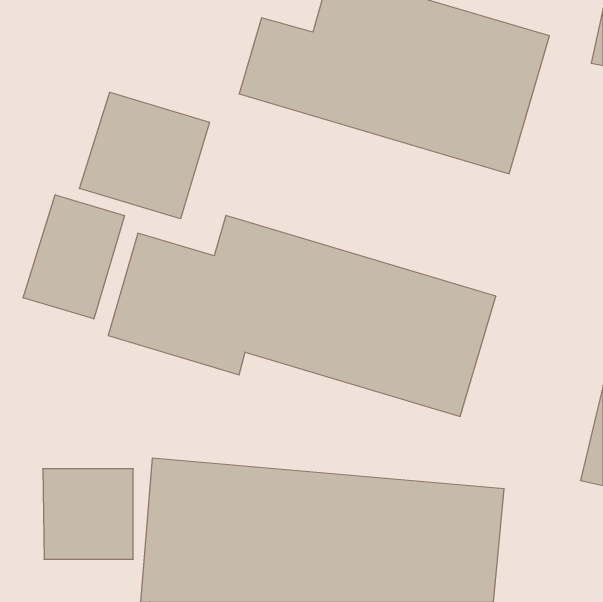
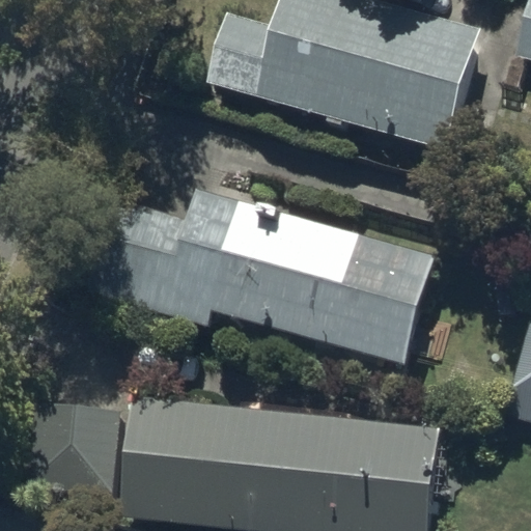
building: [79,92,209,219] -> none
building: [23,195,125,319] -> none

